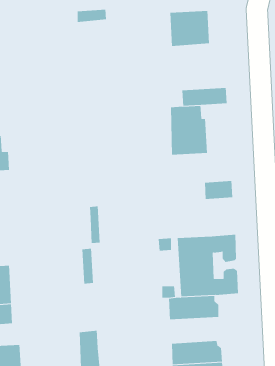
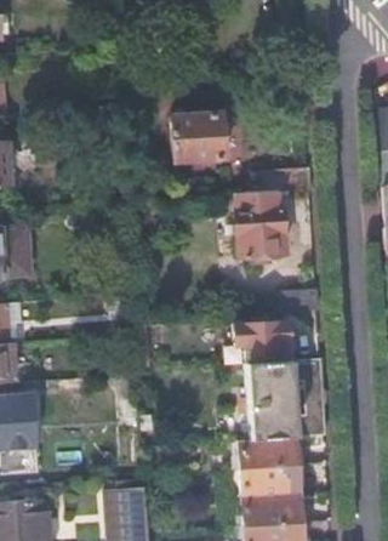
building: [169,11,210,46] -> [176,114,228,160]
building: none -> [244,319,291,361]
building: none -> [236,463,302,497]

